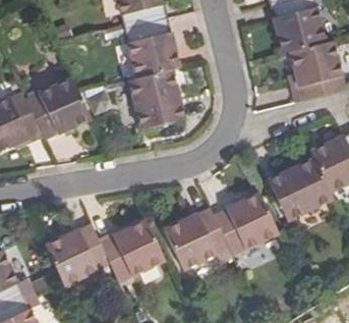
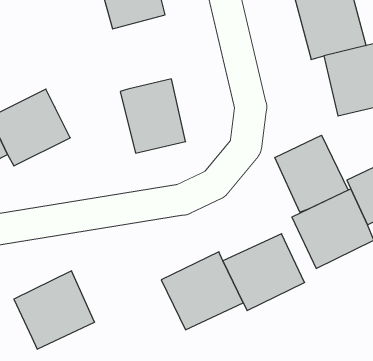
building: [125,19,178,78] -> none
building: none -> [275,135,348,212]
building: [101,219,166,282] -> none

